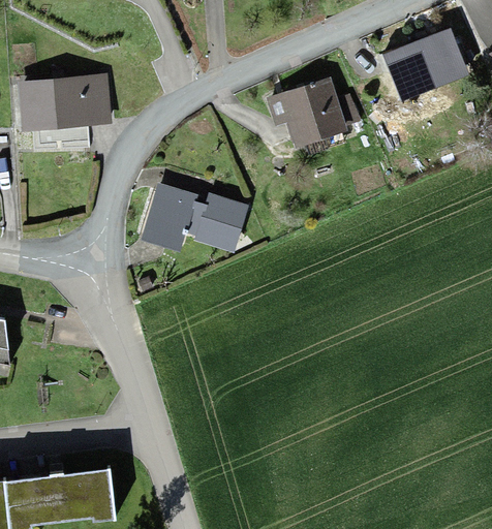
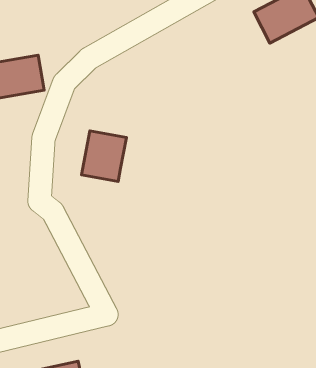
building: [274,80,357,143] -> none
building: [192,192,245,247] -> none

